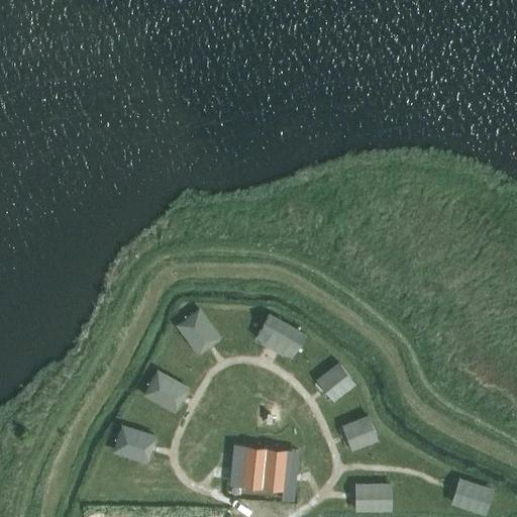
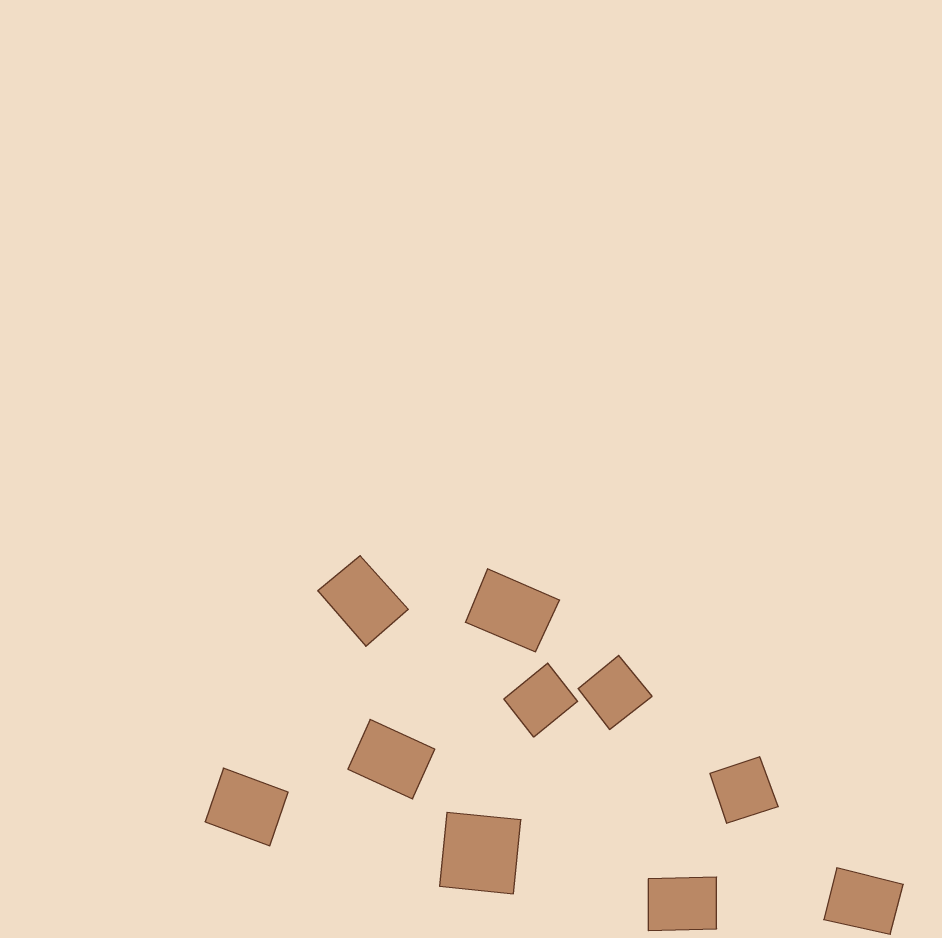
building: none -> [504,663,578,737]
building: [141,370,189,413] -> [348,719,435,799]
building: [341,415,379,451] -> [710,757,778,823]

